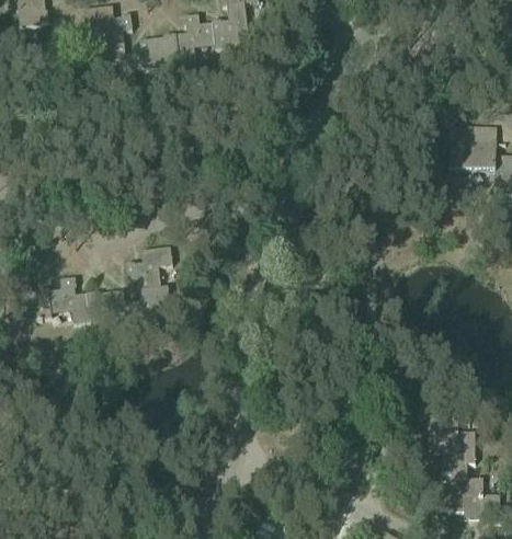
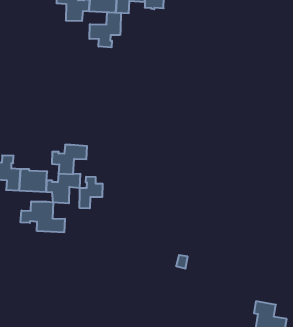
building: none -> [89,12,121,47]
building: none -> [80,177,103,208]
building: none -> [21,201,65,232]

